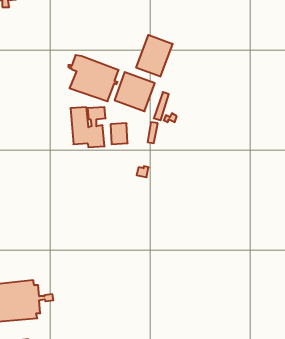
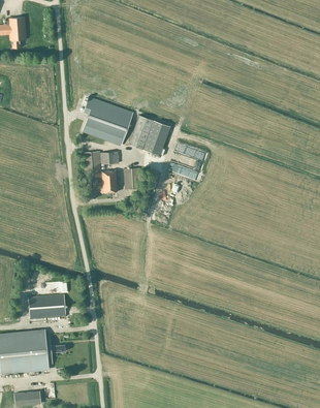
building: [136,35,173,77] -> none
building: none -> [28,294,65,317]

